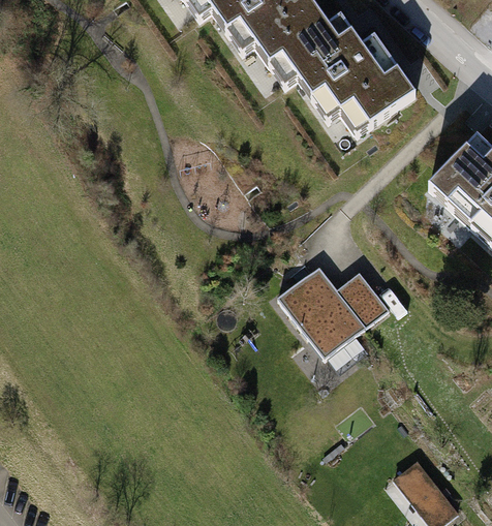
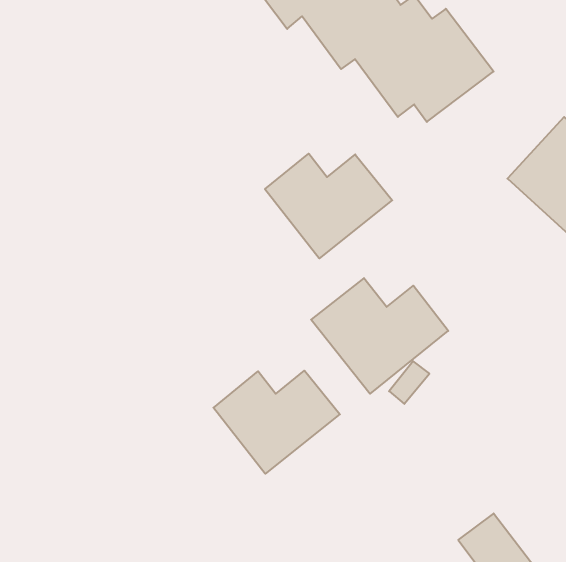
building: none -> [265,154,392,258]
building: none -> [213,371,340,474]

